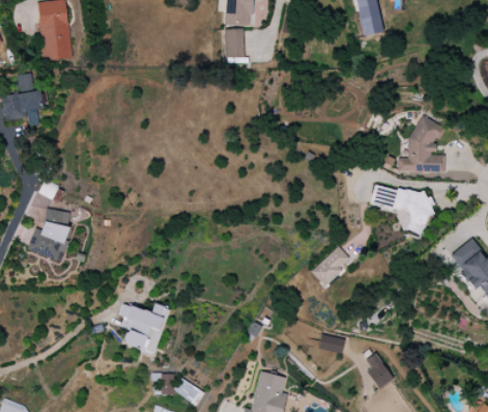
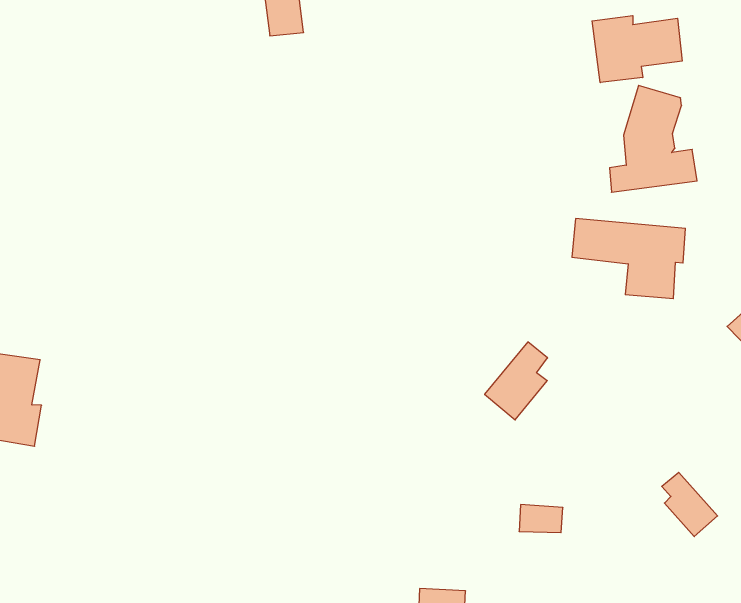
building: none -> [592,16,682,83]
building: [119,302,170,354] -> none
building: [366,353,394,389] -> [662,472,718,537]

